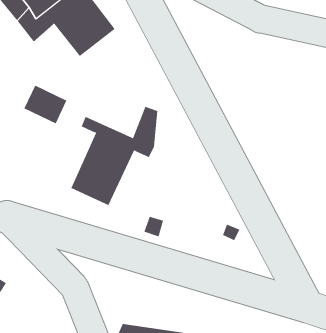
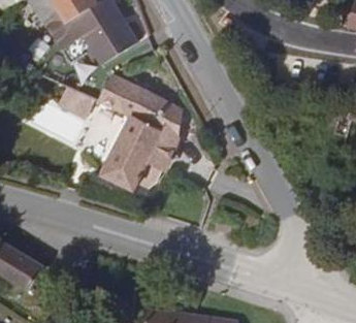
building: none -> [96,78,167,134]

